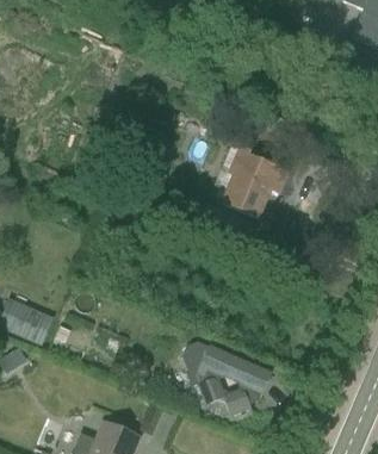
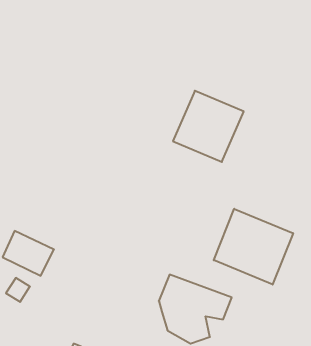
building: none -> [214,209,293,285]

